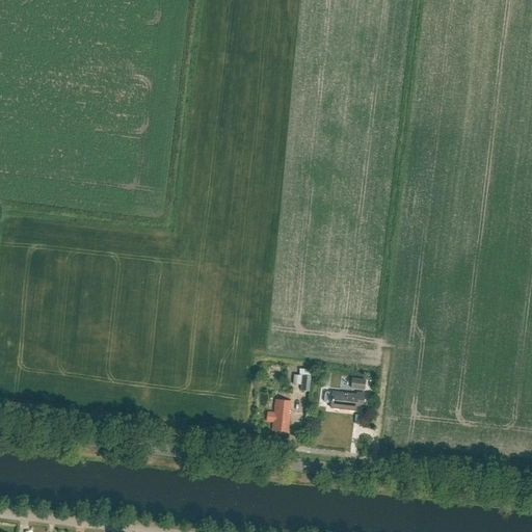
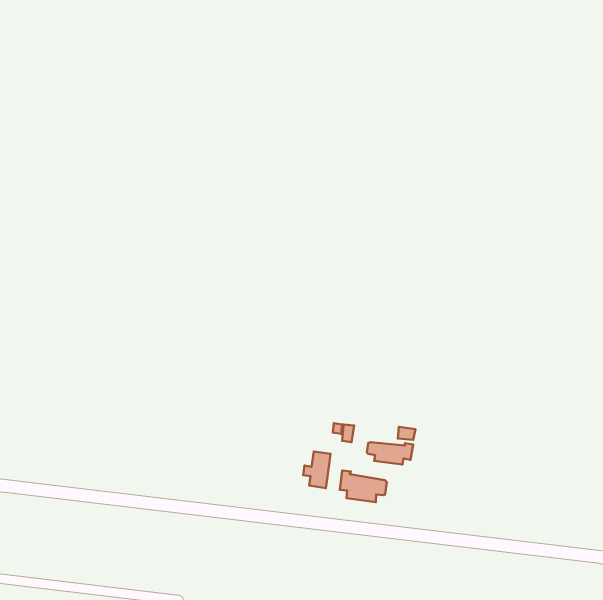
building: none -> [340,470,387,502]

